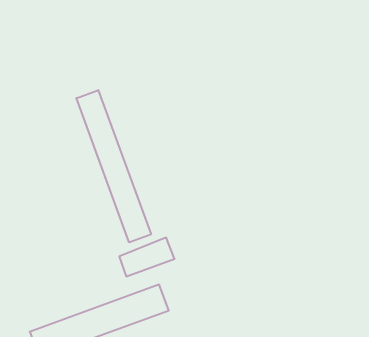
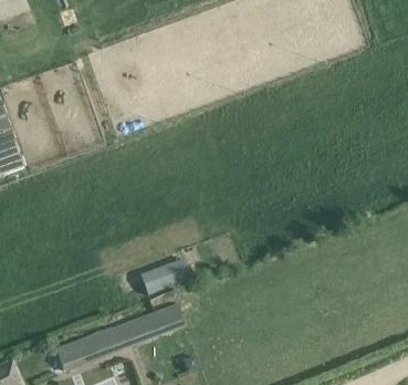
building: [76,90,151,242] -> none

